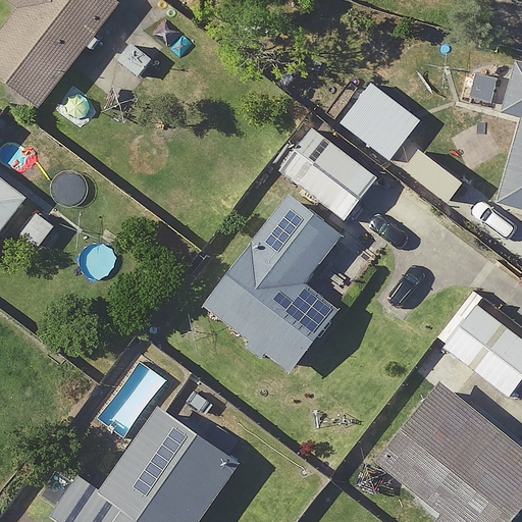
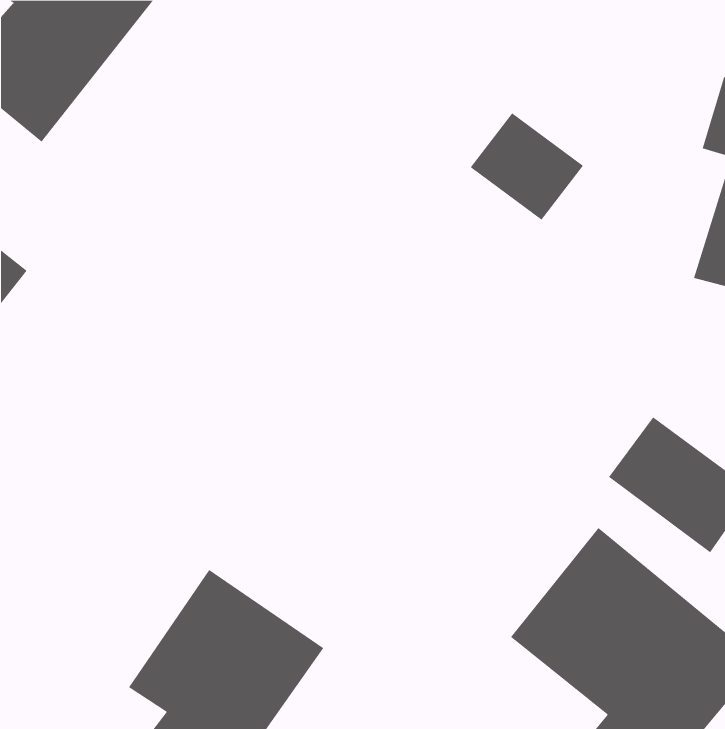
building: [278,124,380,220] -> none
building: [204,194,338,373] -> none

